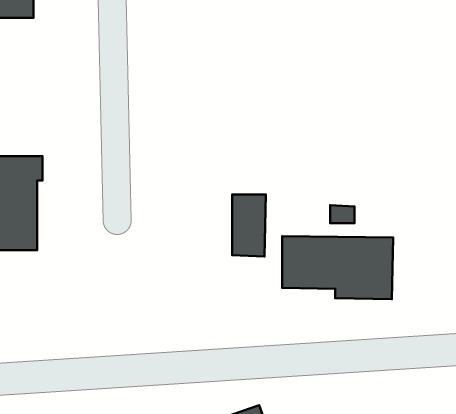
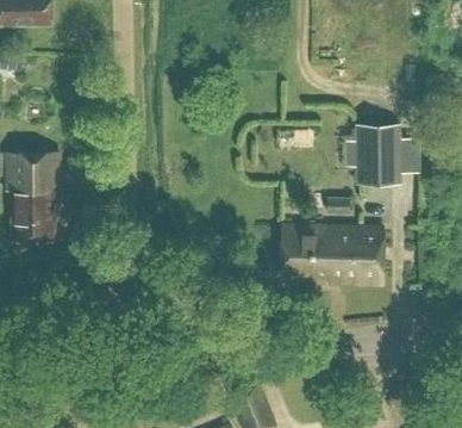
building: none -> [356,124,401,184]
building: [232,194,266,256] -> none

